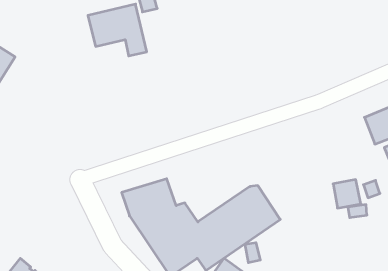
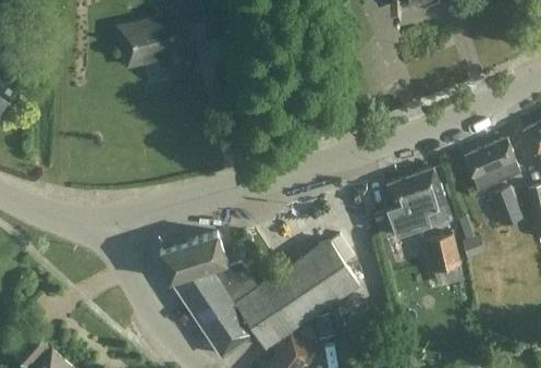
building: none -> [372,168,451,259]

